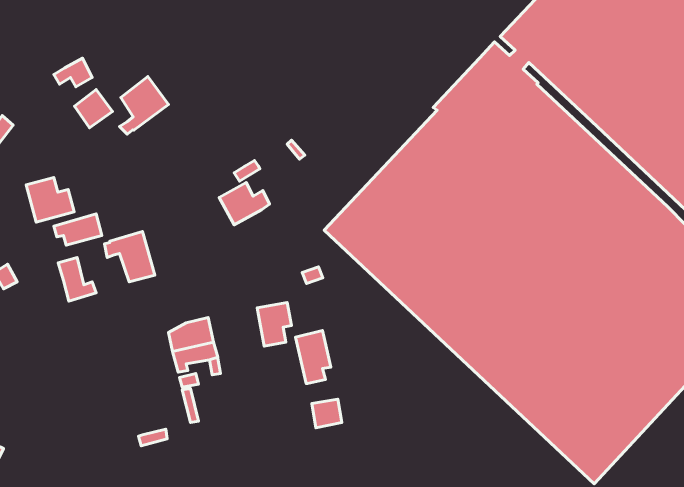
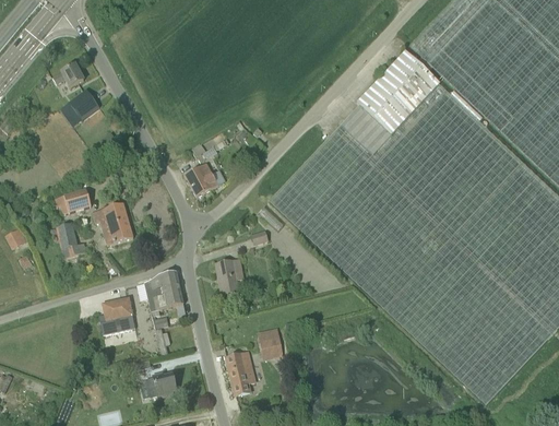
building: [120,77,169,134] -> none
building: [26,178,74,222] -> none
building: [295,330,331,384] -> [226,352,254,394]
building: none -> [100,297,134,333]
building: none -> [145,372,176,398]

